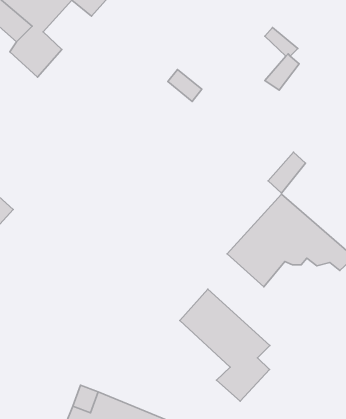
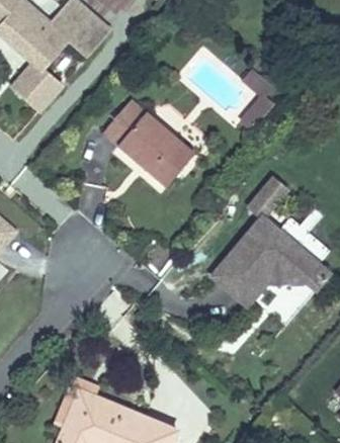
building: none -> [103,96,198,186]
building: [180,289,270,401] -> none

